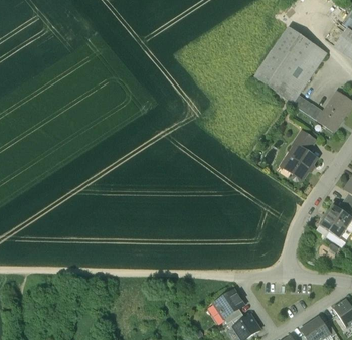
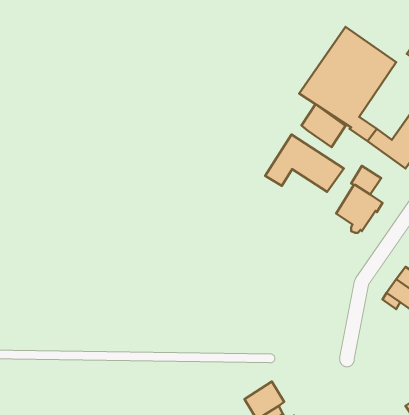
building: none -> [302,104,346,147]
building: none -> [265,135,344,192]

